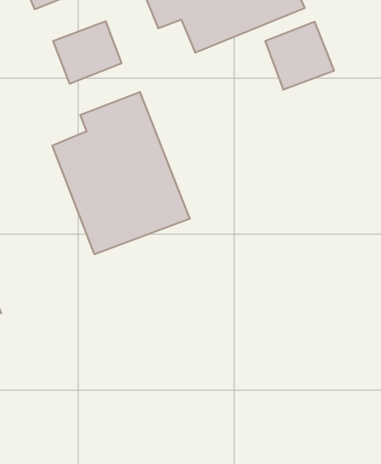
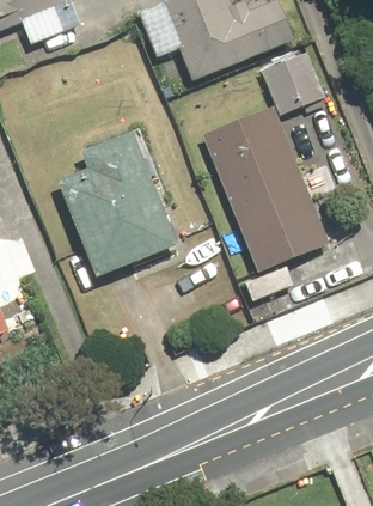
building: [53,21,121,84] -> none
building: none -> [202,109,328,274]

